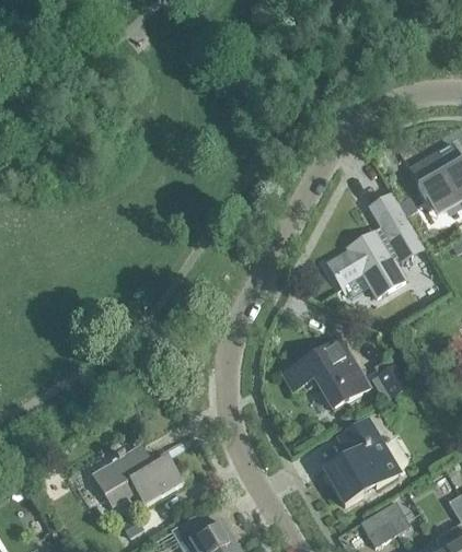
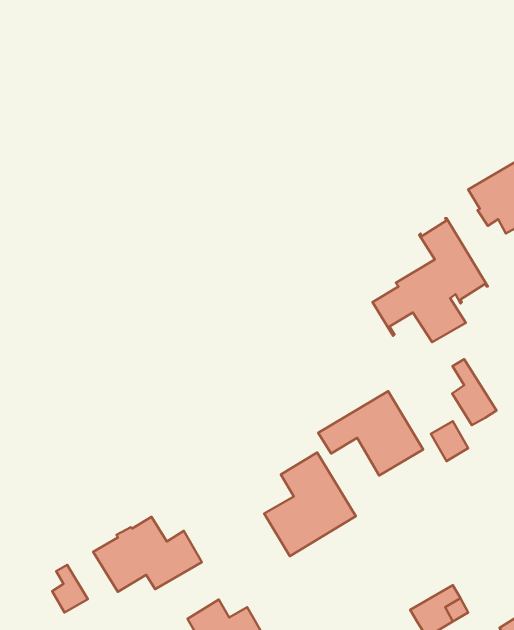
building: none -> [452,359,497,425]
building: [323,418,401,505] -> [264,453,356,556]
building: none -> [52,565,88,612]

